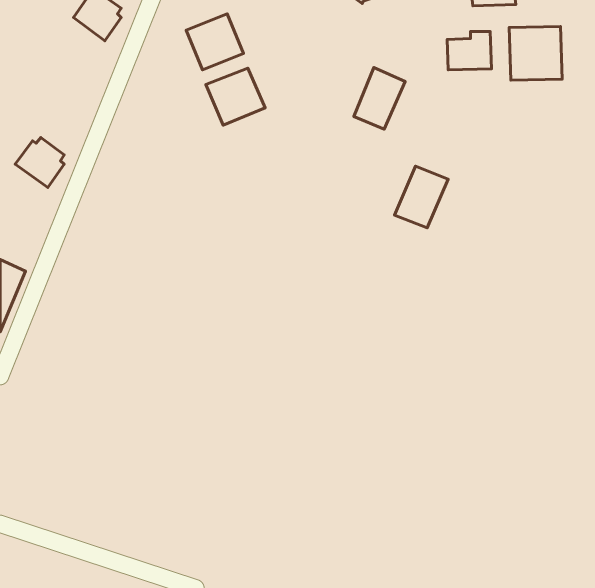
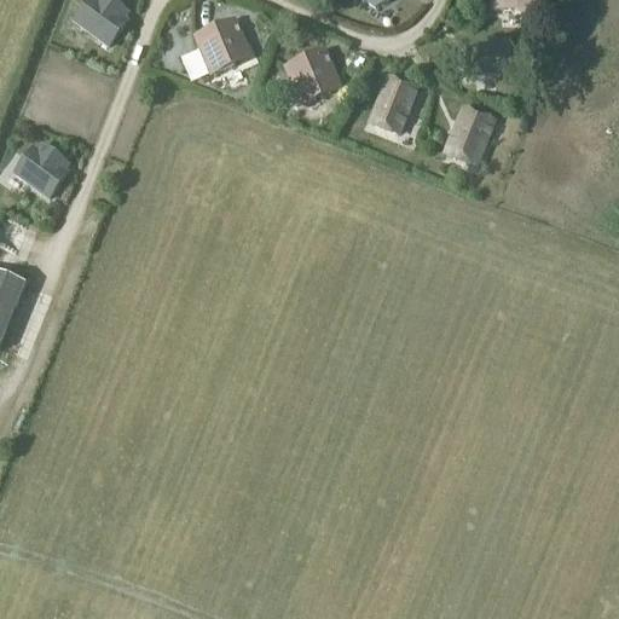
building: [509,26,562,80] -> none
building: [206,68,265,125] -> [282,45,343,104]
building: [395,166,448,228] -> [442,104,498,168]

